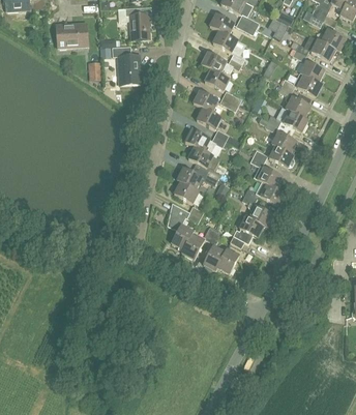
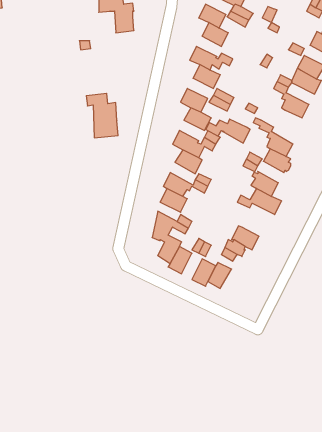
building: [56,22,88,47] -> none
building: [112,45,141,85] -> [86,93,118,138]
building: [266,110,306,131] -> [206,119,250,143]
building: [241,194,273,227] -> none

